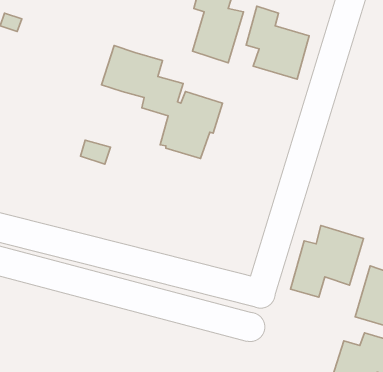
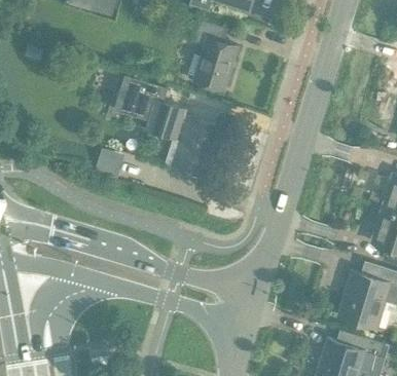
building: [246,6,309,79] -> none
building: [291,226,364,297] -> none

